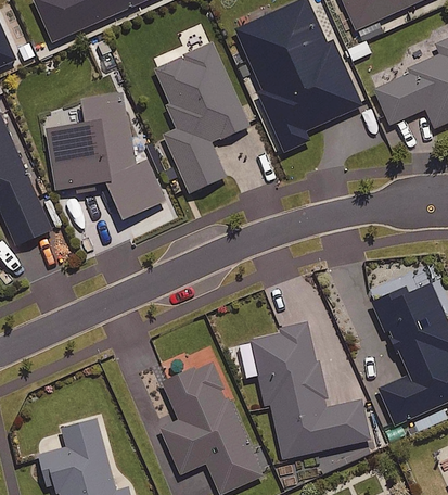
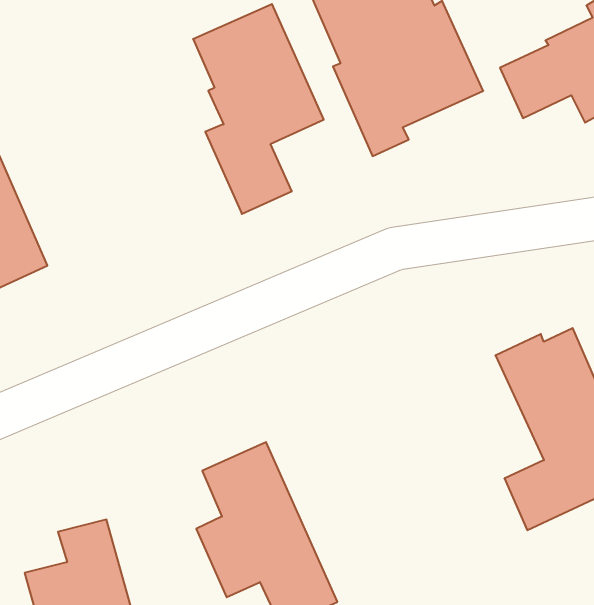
building: [47,96,166,224] -> none
building: [236,317,370,456] -> none

